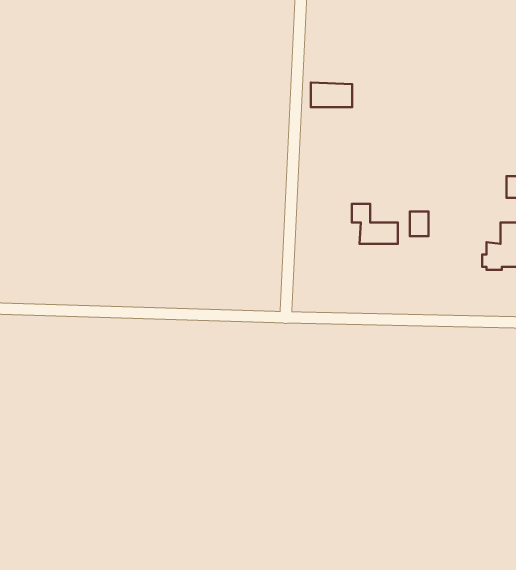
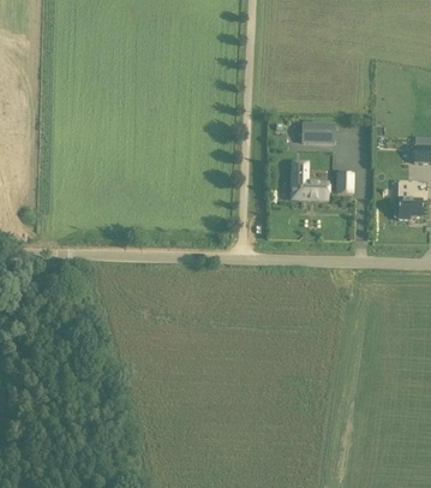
building: [311,83,352,107] -> [300,120,333,139]

